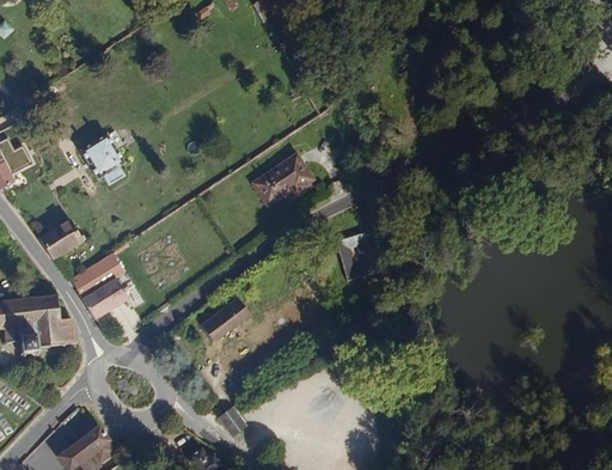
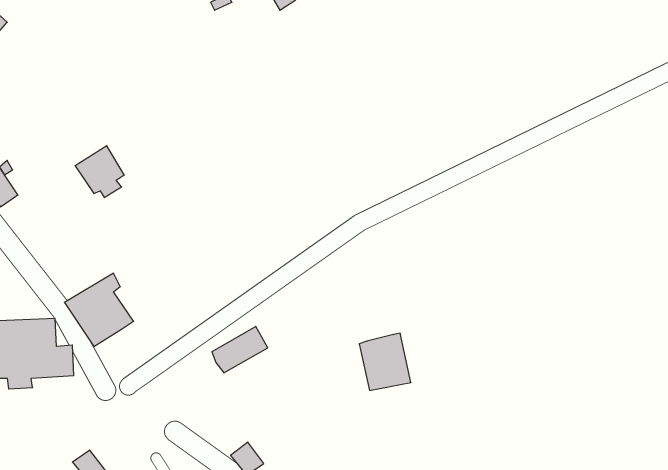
building: [252,151,318,209] -> none
building: [38,214,87,258] -> none
building: [333,231,380,282] -> [359,333,411,390]

